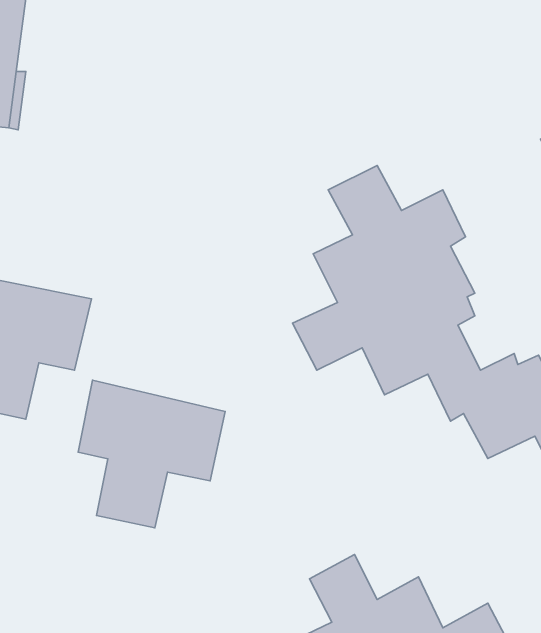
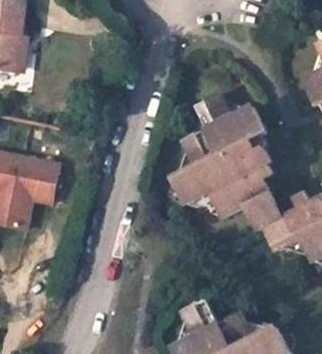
building: [78,380,225,528] -> none

